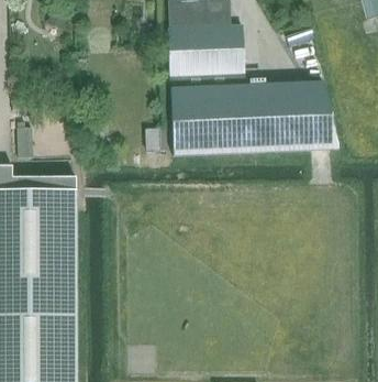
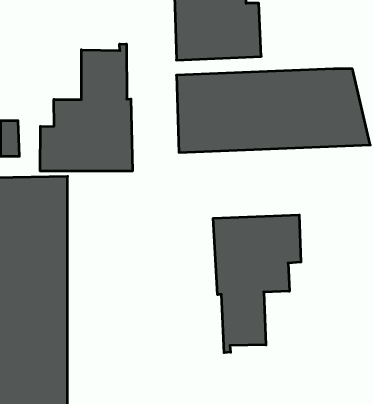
building: none -> [40,44,132,171]
building: none -> [213,215,301,353]

